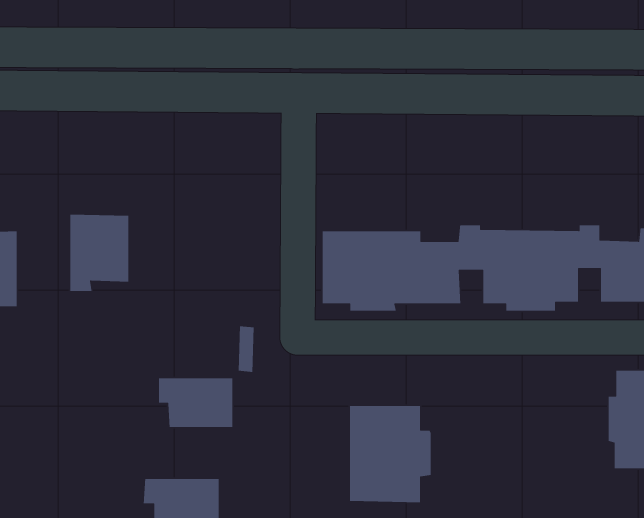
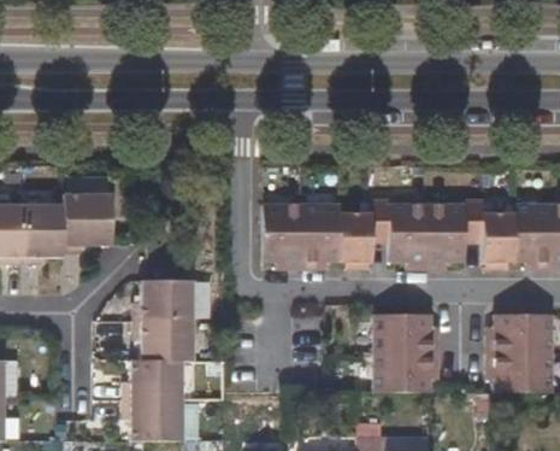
building: none -> [23,204,64,264]
building: none -> [134,280,193,320]
building: [349,405,432,503] -> [373,315,438,392]
building: none -> [123,359,182,399]

